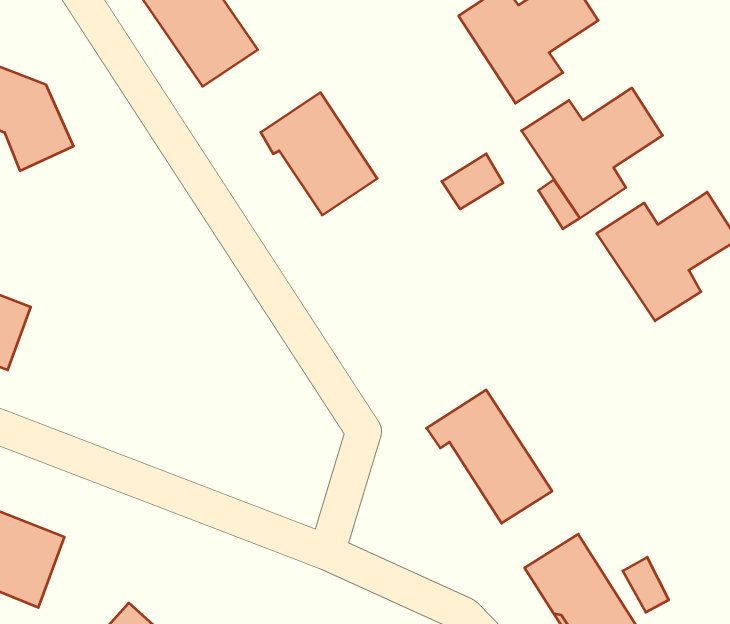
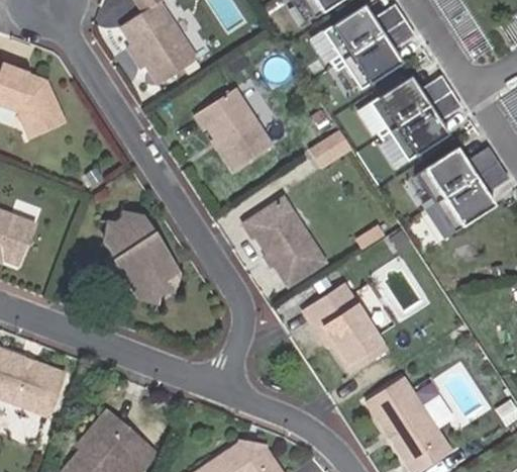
building: none -> [242,193,319,282]
building: none -> [108,217,174,300]

